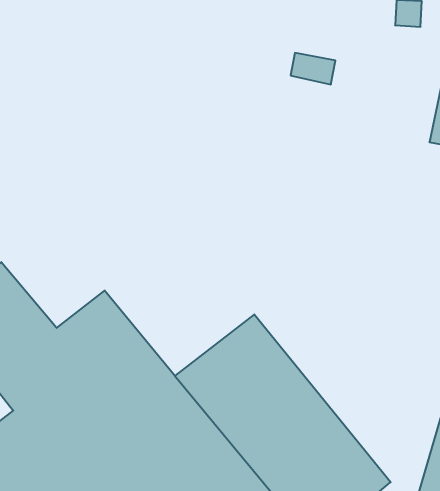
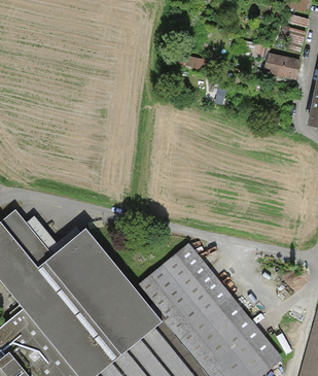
building: [291,53,335,84] -> [267,56,297,77]

